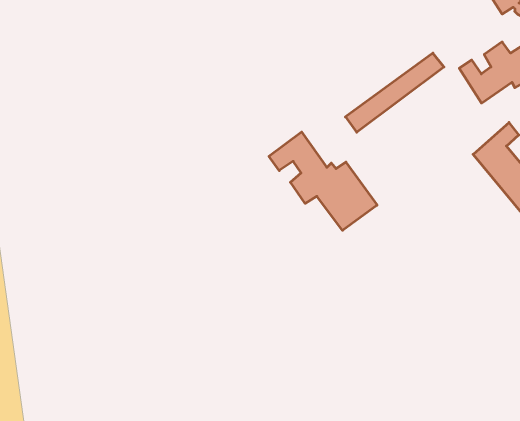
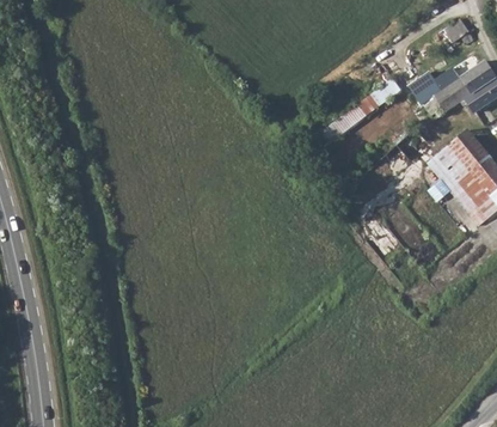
building: [269,132,377,230] -> none

